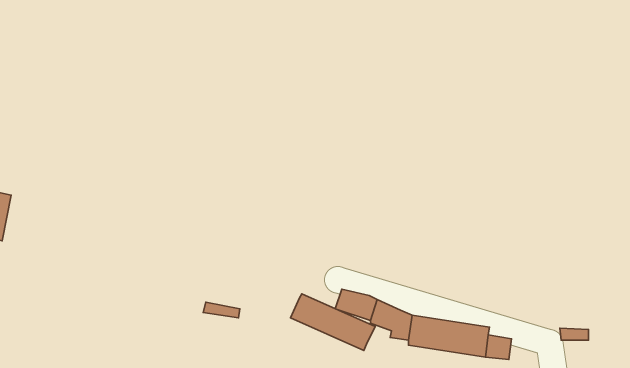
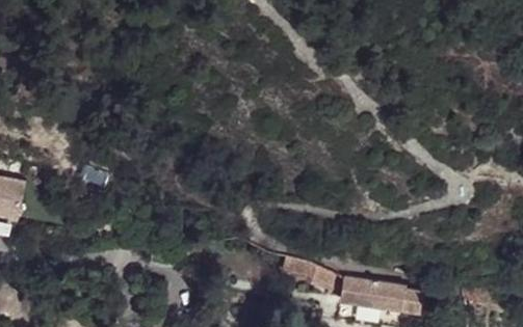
building: [291,294,375,351] -> none

